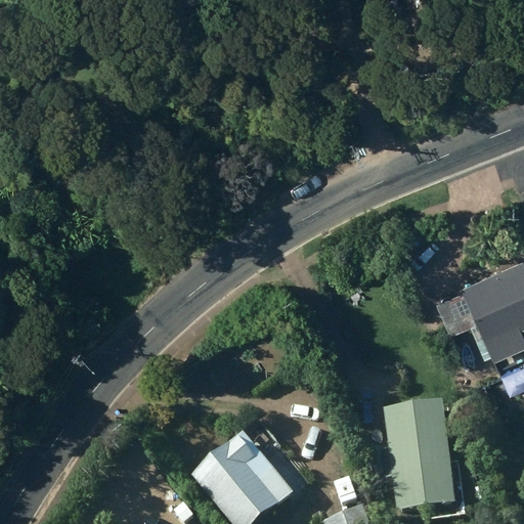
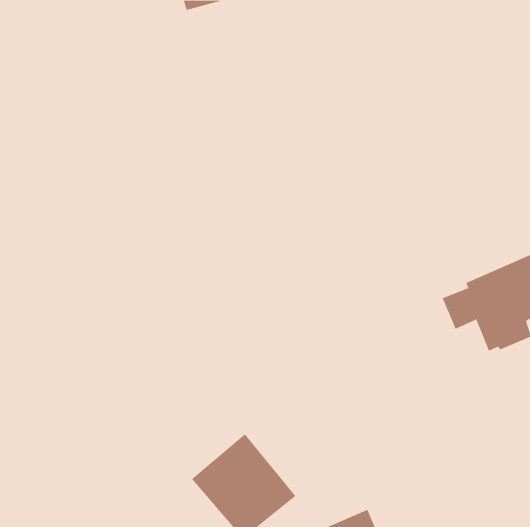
building: [382,400,455,511] -> none

